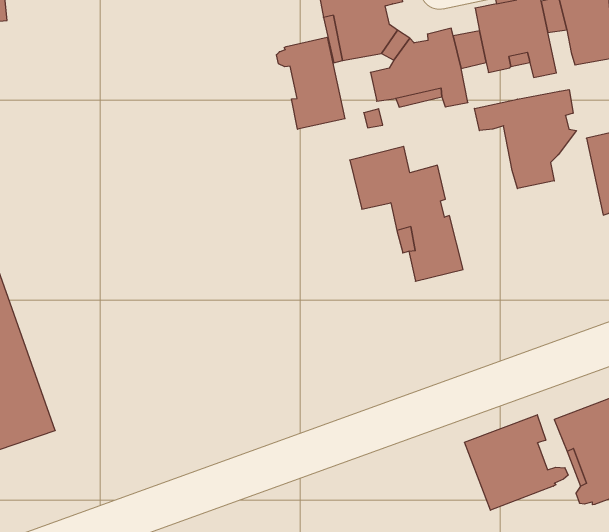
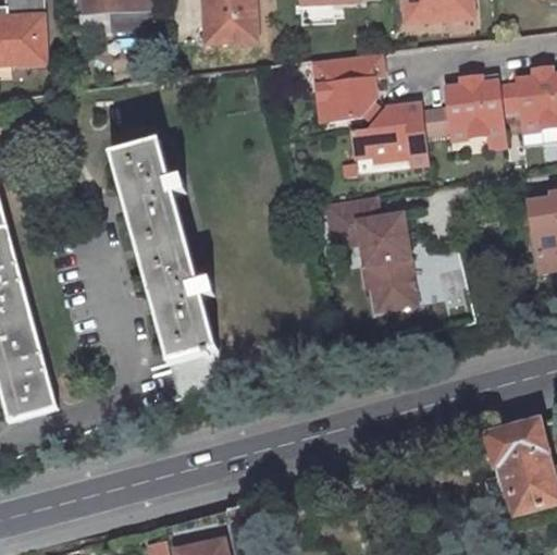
building: [276,37,345,129] -> none
building: [474,90,576,189] -> none
building: none -> [111,144,224,399]
building: [465,415,568,510] -> none

